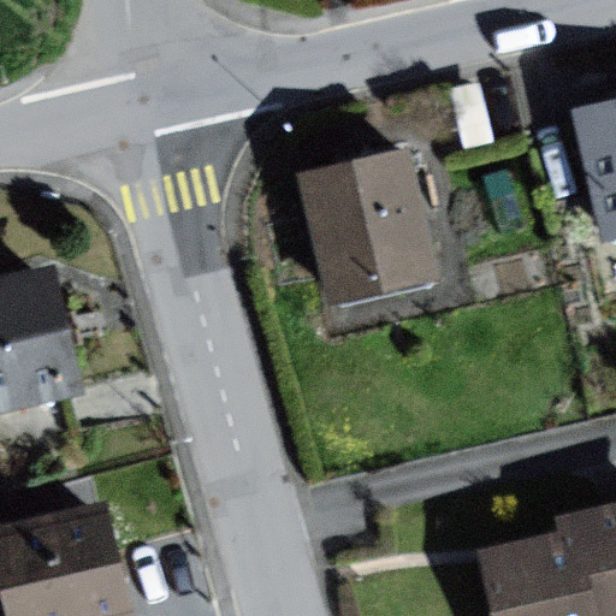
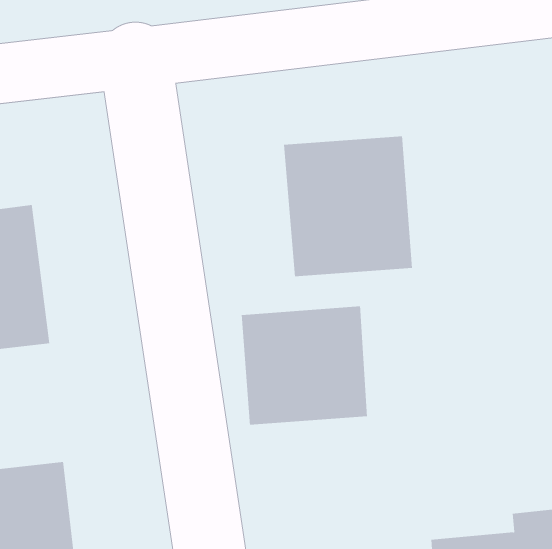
building: none -> [241,305,367,426]

